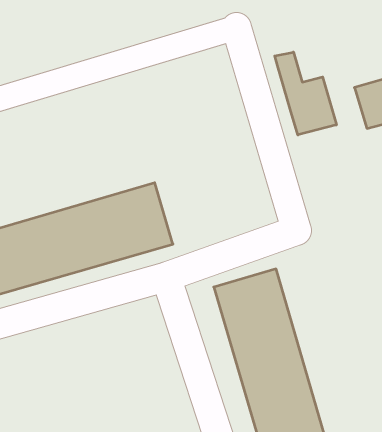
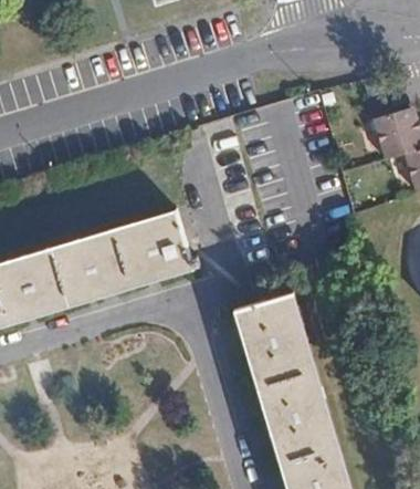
building: [275,52,336,135] -> none

